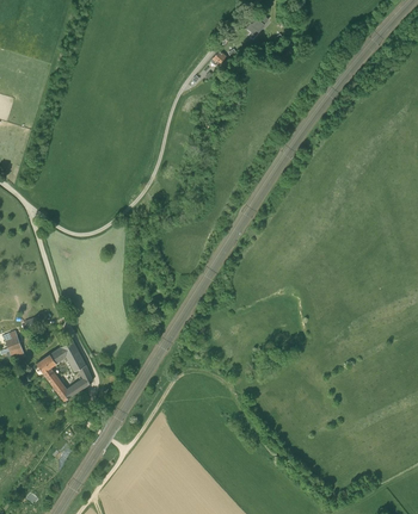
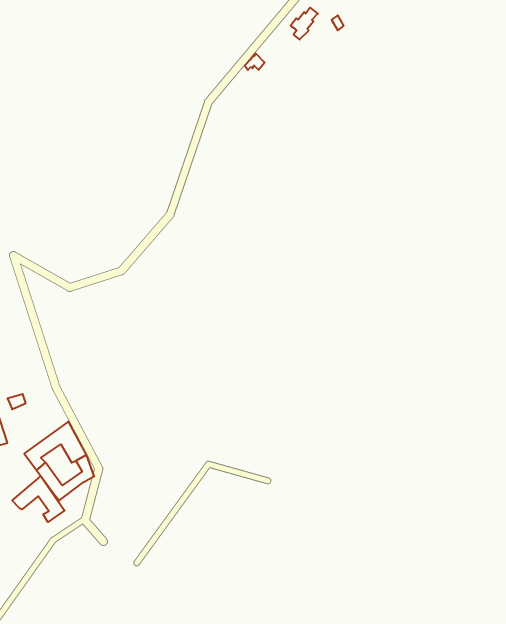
building: none -> [12,476,65,522]

